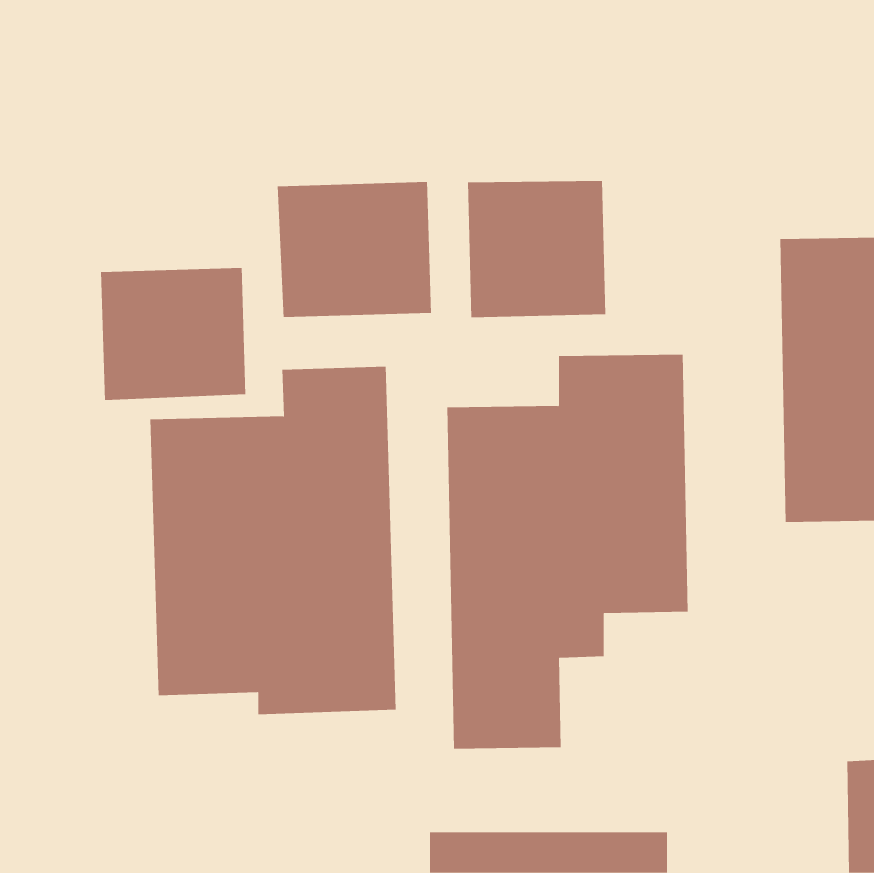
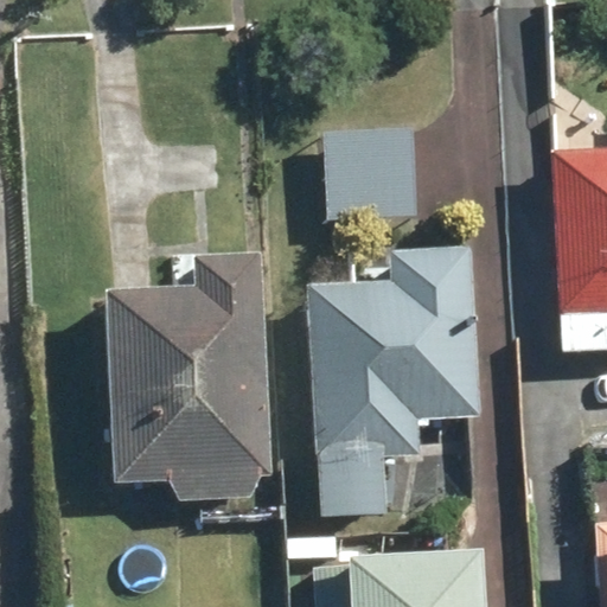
building: [277,181,432,318] -> none
building: [100,267,246,401] -> none

